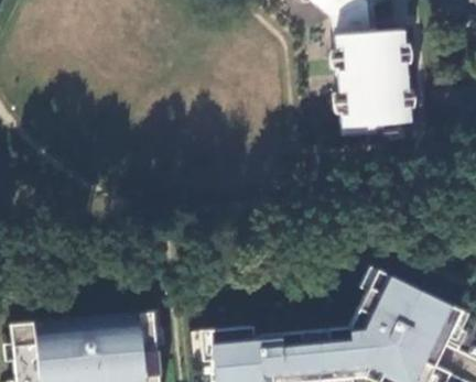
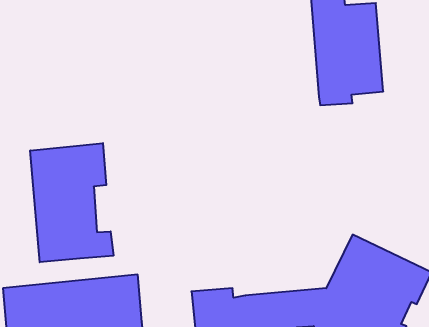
building: none -> [30,143,113,262]

